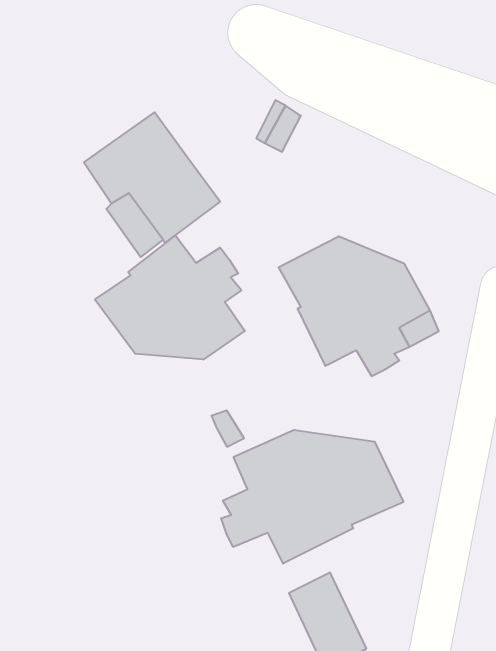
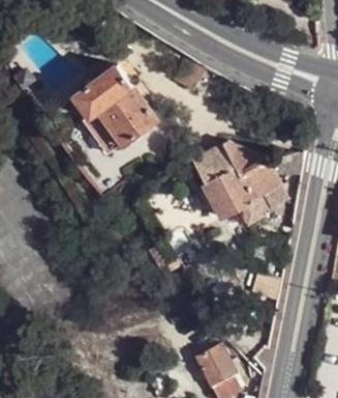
building: [95,235,245,360] -> none
building: [221,430,403,564] -> none

